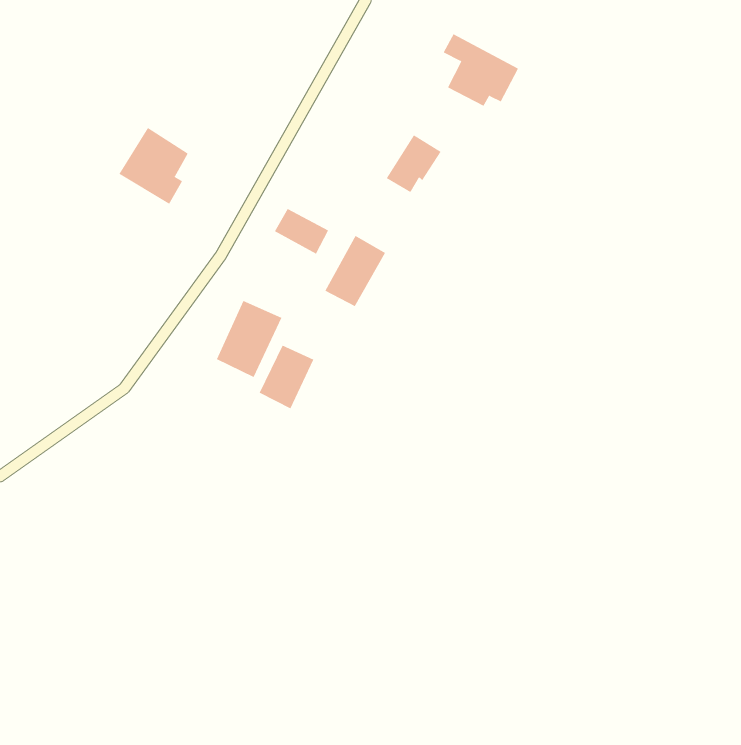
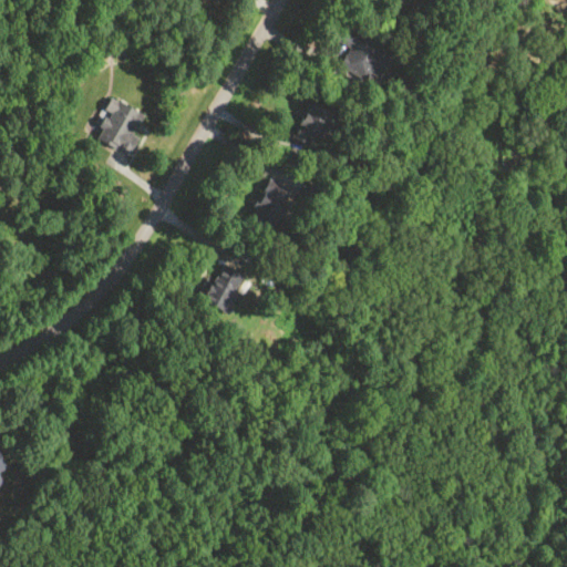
building: [274,208,329,255] -> none
building: [216,300,282,378] -> none

